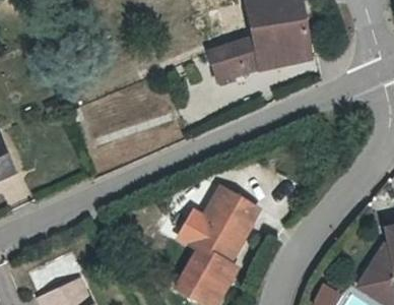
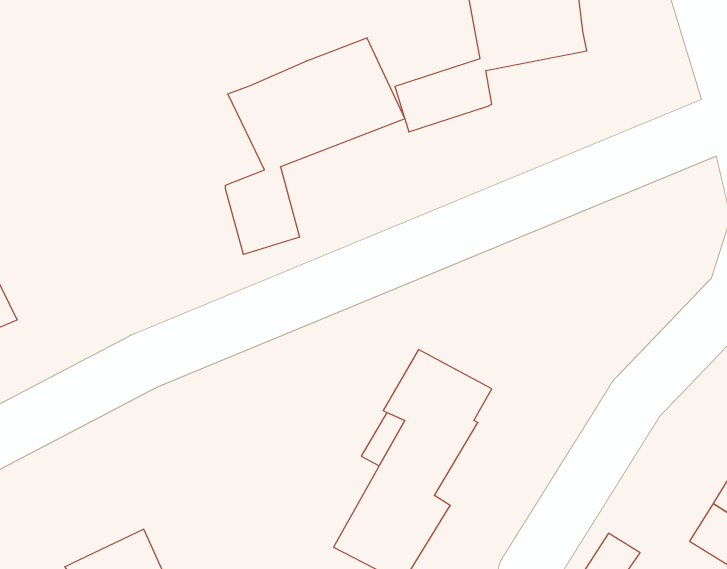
building: none -> [225,38,405,254]
building: [255,34,311,69] -> none

